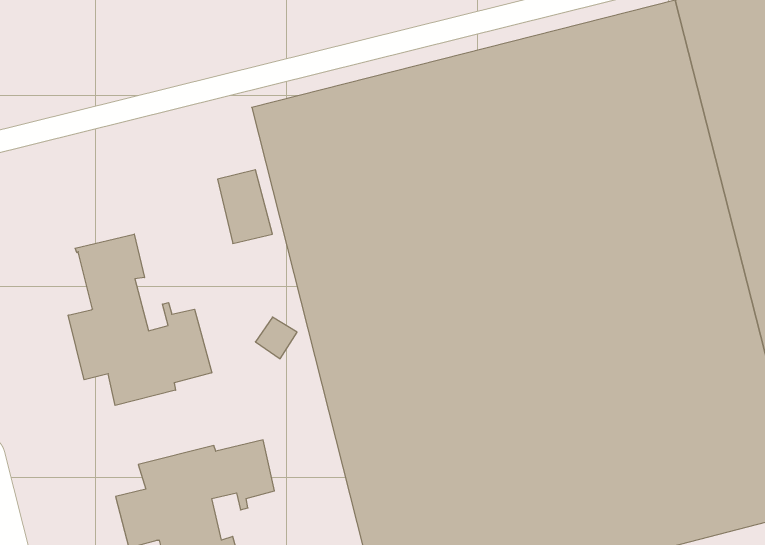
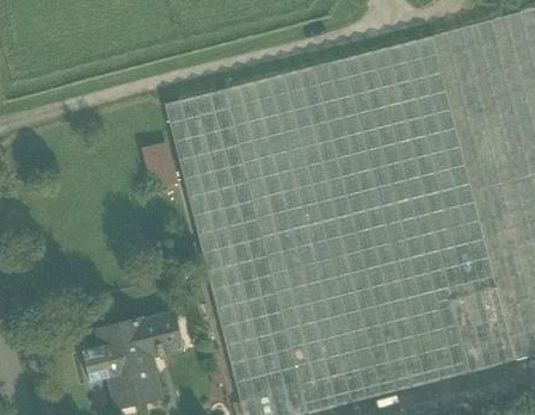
building: [68,234,212,405] -> none

